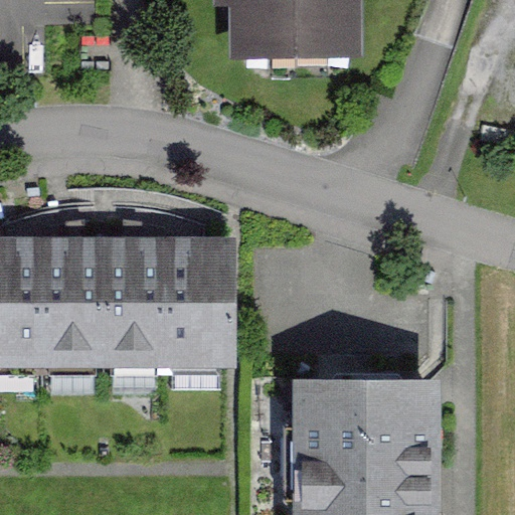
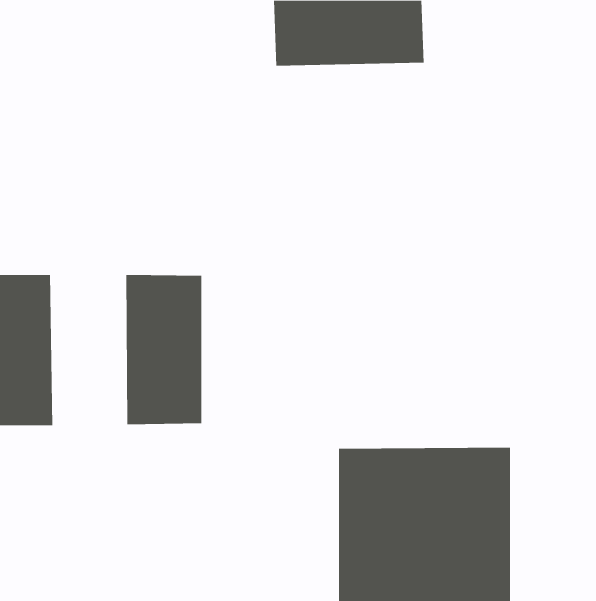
building: [43,236,108,365] -> none
building: [172,236,238,363] -> none

